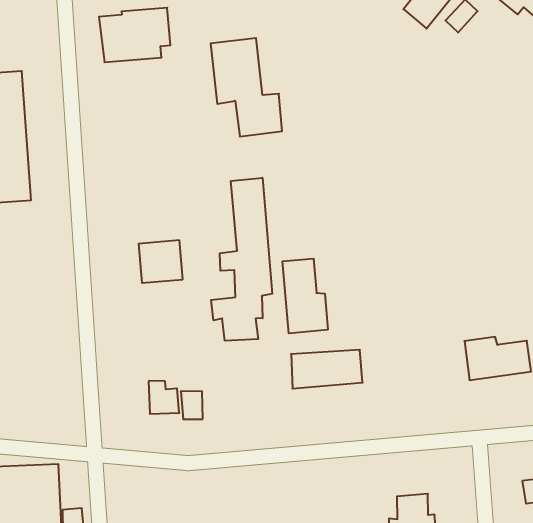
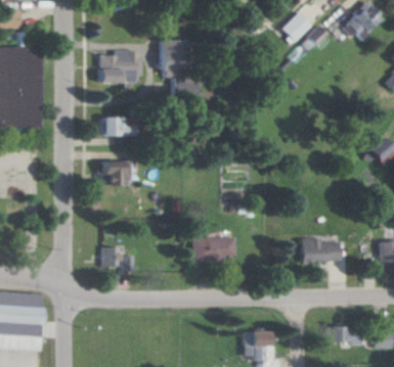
building: [99,8,170,62] -> [98,52,141,83]
building: none -> [102,117,135,136]
building: [211,178,272,341] -> none
building: [283,259,328,333] -> none

